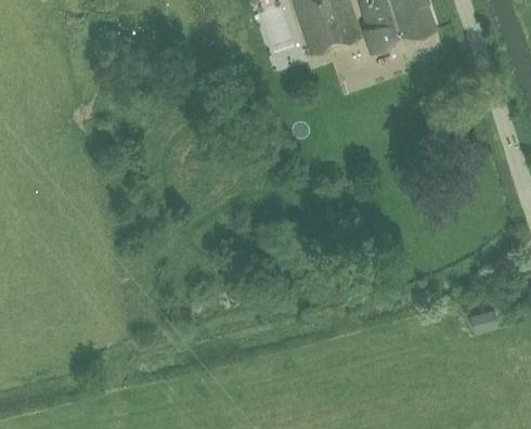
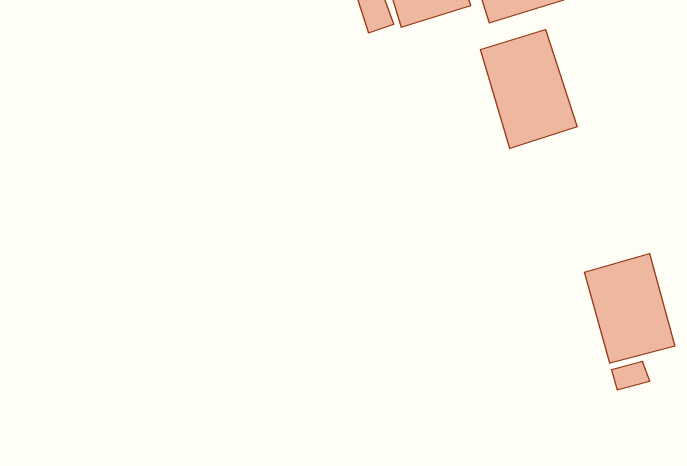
building: none -> [481,30,577,149]
building: none -> [584,253,675,363]

